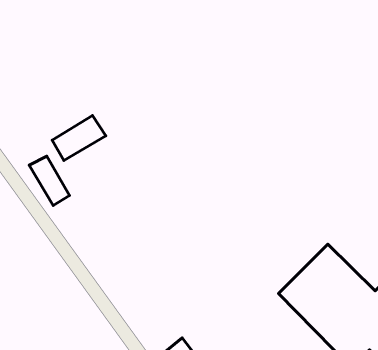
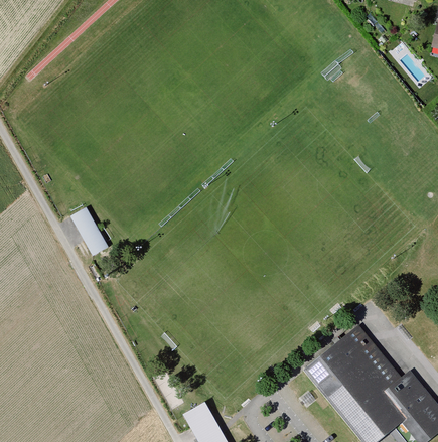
building: [52,116,106,161] -> none

